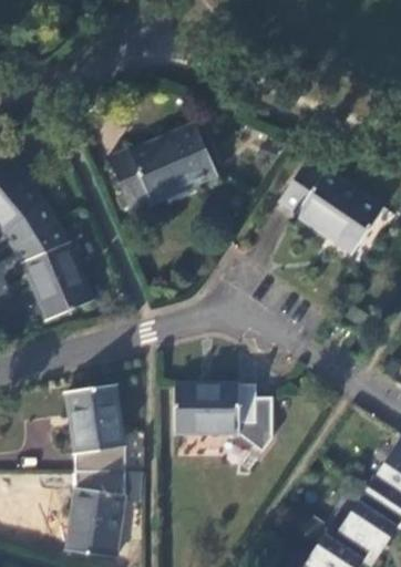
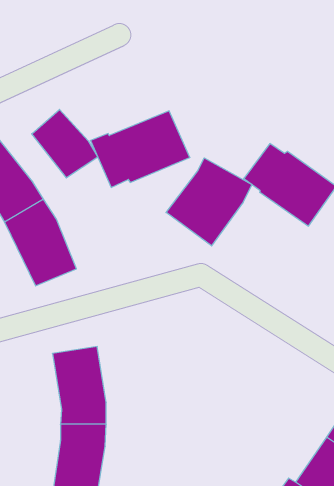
building: none -> [32,109,98,178]
building: none -> [166,158,252,246]
building: [174,383,273,450] -> none

